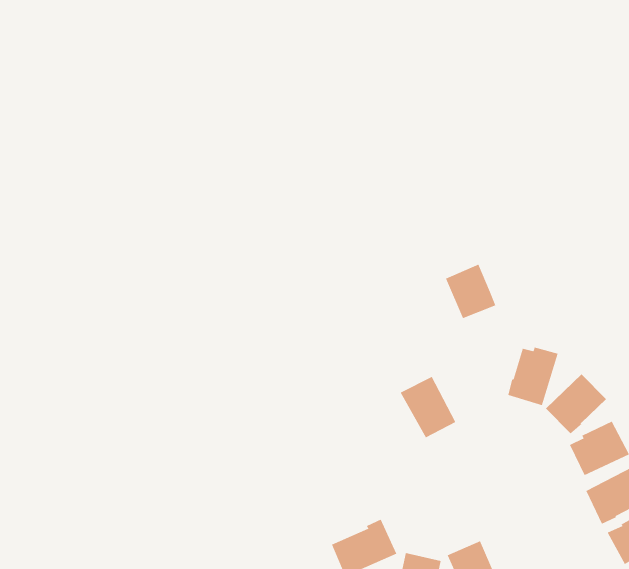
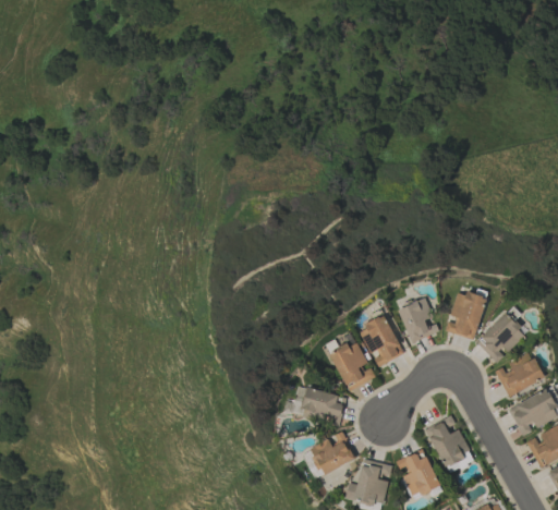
building: [445,264,496,319] -> [397,296,438,341]
building: none -> [330,341,375,389]
building: none -> [301,388,343,418]
building: none -> [425,415,471,466]

